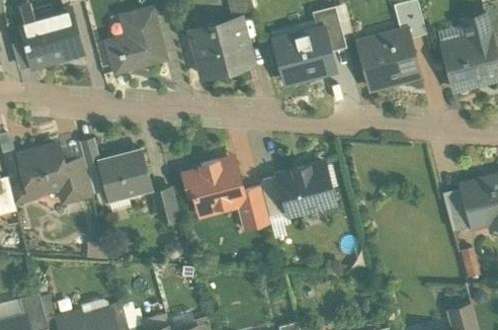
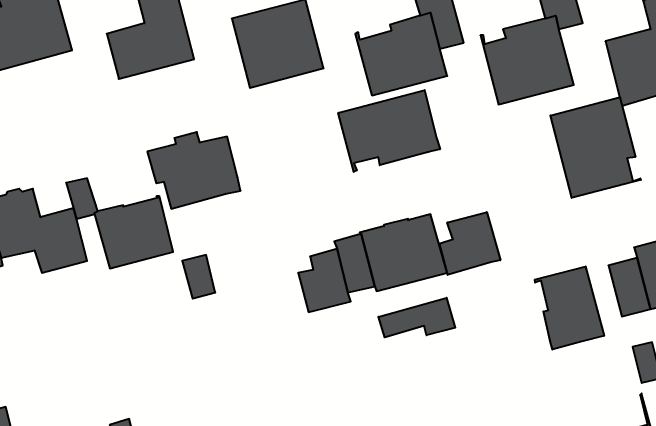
building: none -> [338,90,440,172]
building: none -> [550,97,641,198]
building: [182,162,245,214] -> [147,132,241,209]
building: none -> [440,212,500,275]
building: none -> [535,266,604,350]
building: none -> [378,298,455,337]

